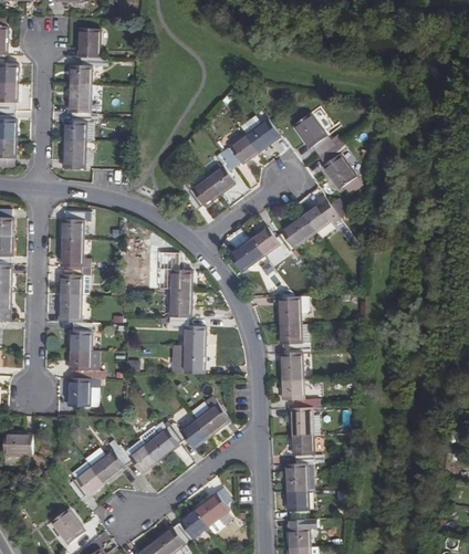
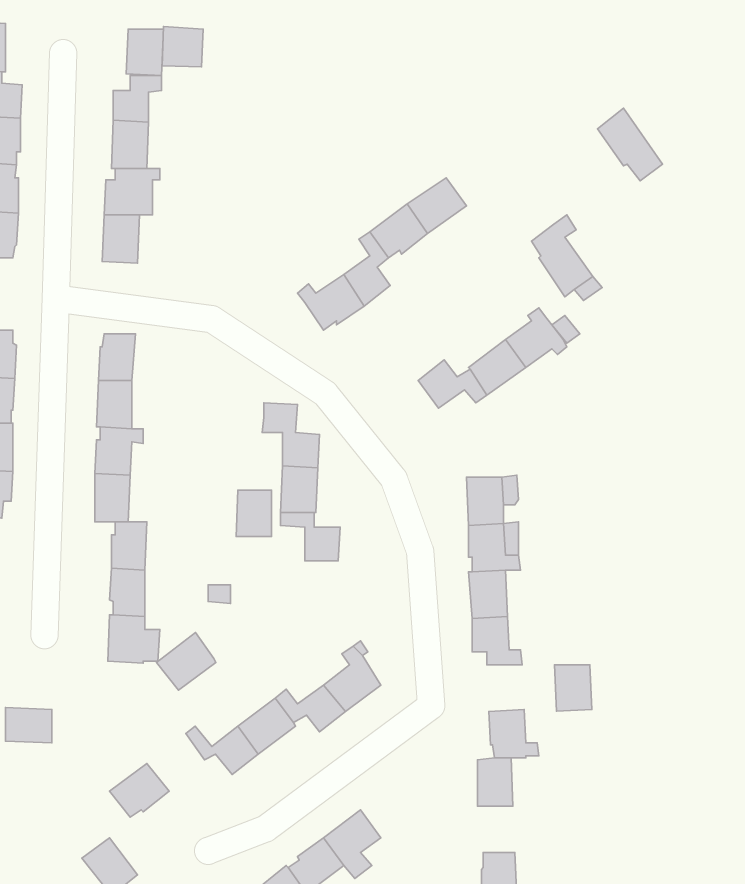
building: none -> [162,26,203,67]
building: [293,112,332,155] -> [597,108,662,181]
building: [229,238,263,270] -> none
building: [183,345,204,373] -> [236,490,271,537]
building: [292,407,314,435] -> [555,665,592,711]
building: [90,448,125,482] -> [156,633,216,690]
building: [286,491,309,519] -> none

